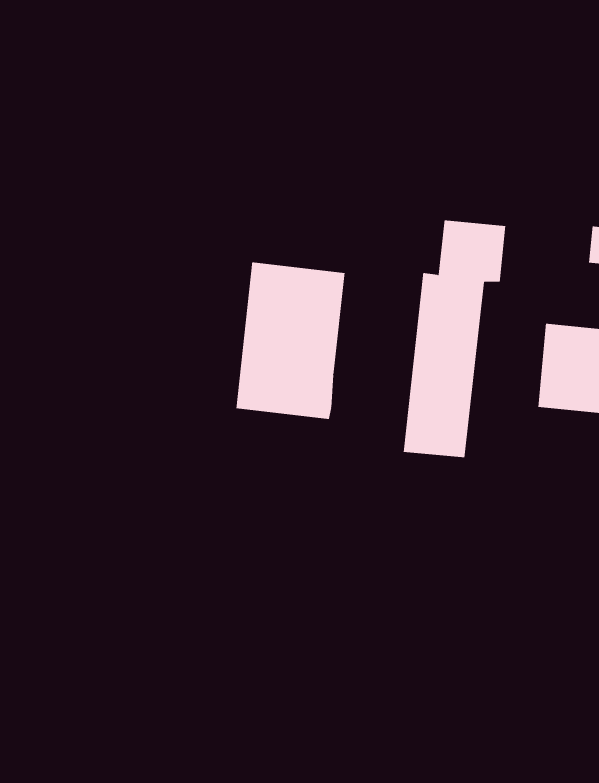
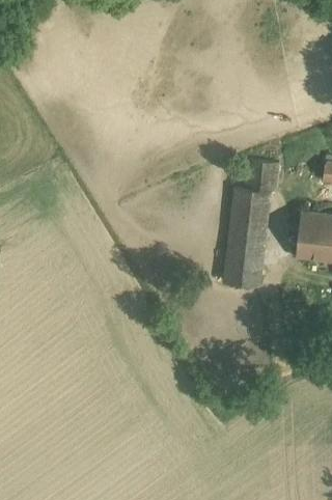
building: [236,262,345,420] -> none

